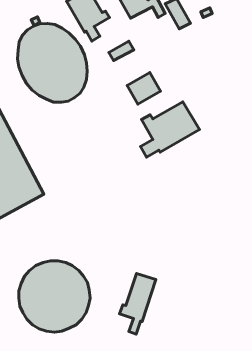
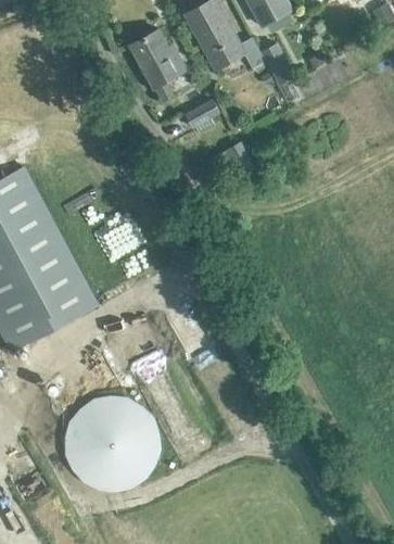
building: [17,24,87,102] -> none
building: [140,102,199,157] -> none
building: [120,273,156,334] -> none

